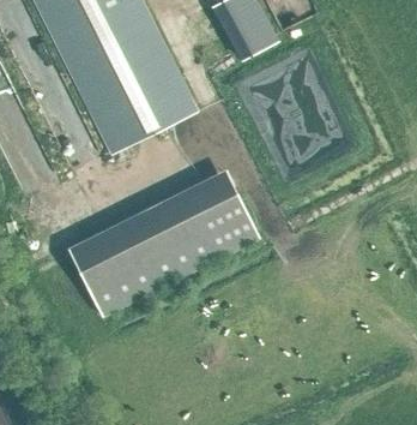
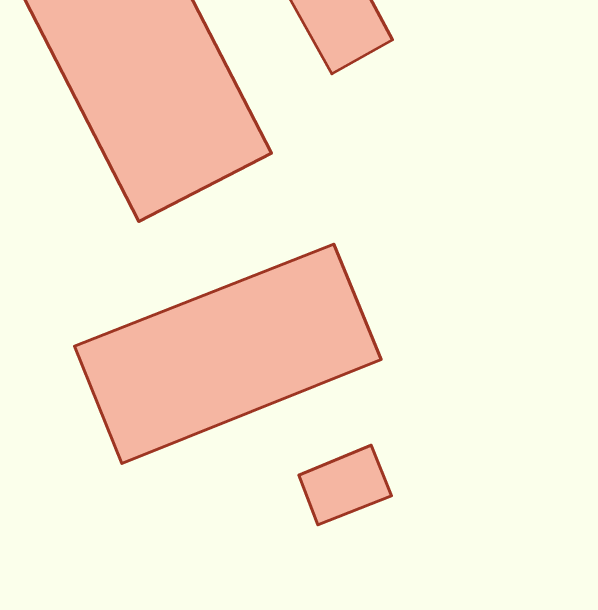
building: [243,53,349,156] -> none
building: none -> [299,445,392,525]

